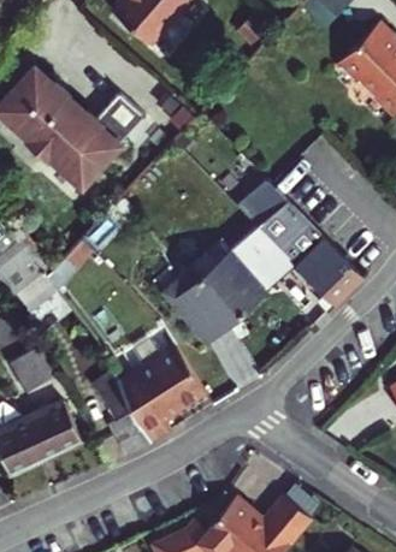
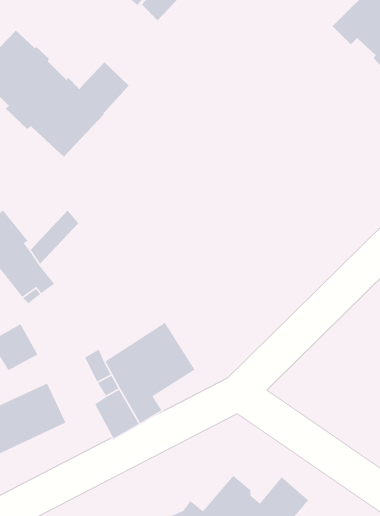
building: [162,180,362,338] -> none

